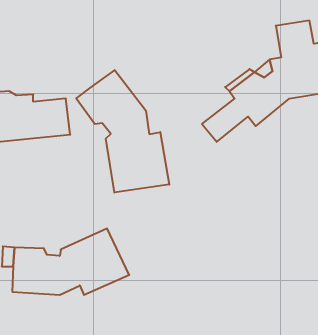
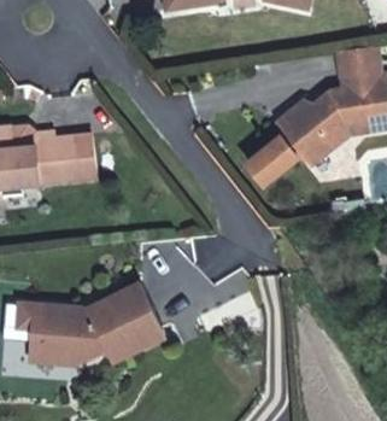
building: [76,70,169,193] -> none

